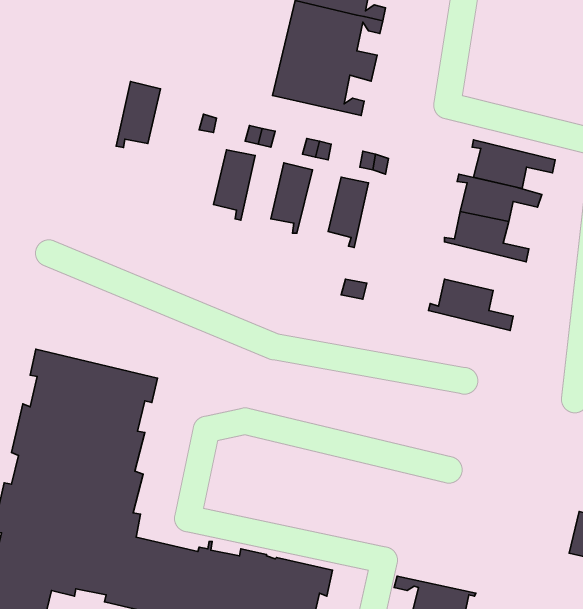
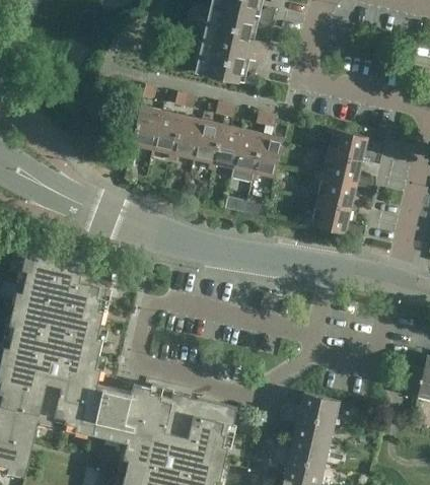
building: [116,82,161,148] -> [130,106,161,152]
building: [472,140,555,189] -> [314,176,373,210]
building: none -> [171,115,202,161]
building: none -> [211,125,242,170]
building: none -> [252,134,283,180]
building: none -> [282,394,339,424]

